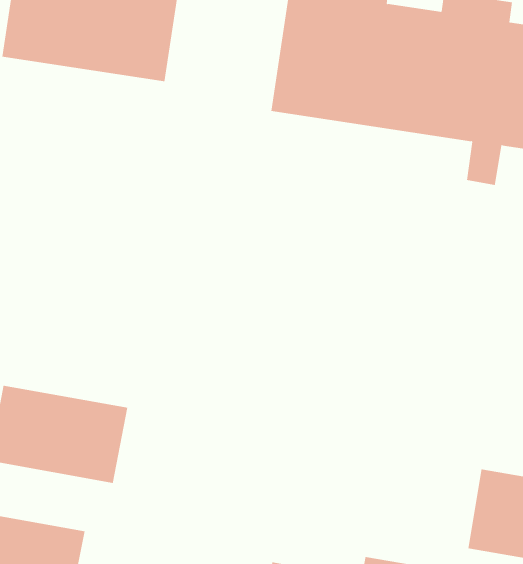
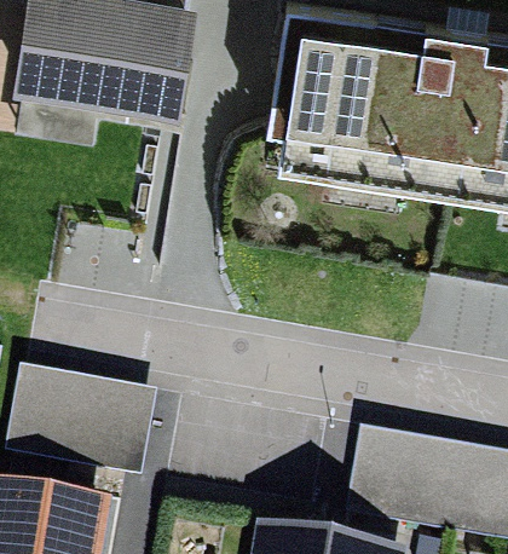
building: none -> [377,448,463,532]

